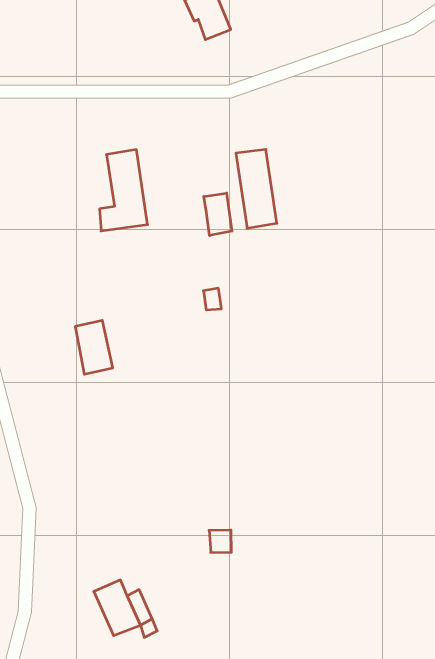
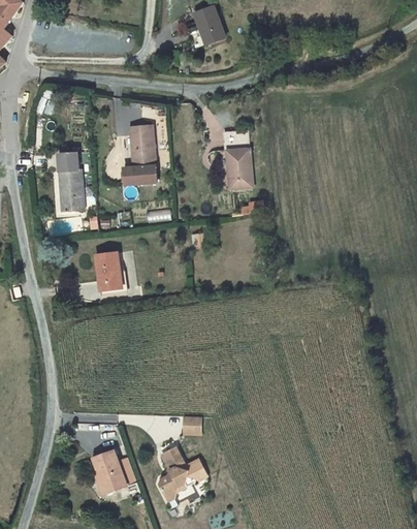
building: [204,193,232,236] -> none
building: none -> [53,152,78,209]
building: none -> [160,446,207,500]

